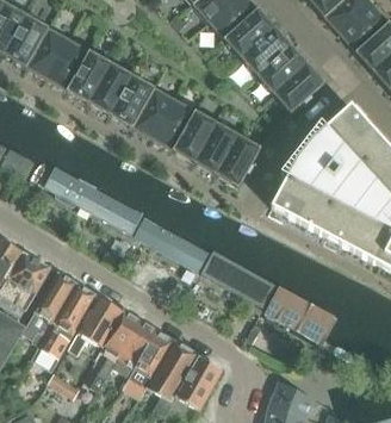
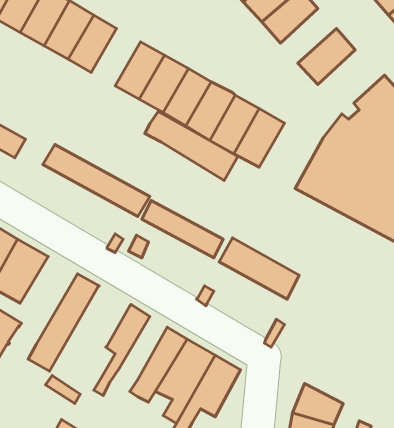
building: [257,45,308,94] -> none
building: [88,63,132,114] -> none
building: none -> [145,112,238,180]
building: [23,272,76,346] -> none
building: [265,285,330,337] -> none
building: [68,297,123,354] -> none
building: [113,321,156,377] -> none

